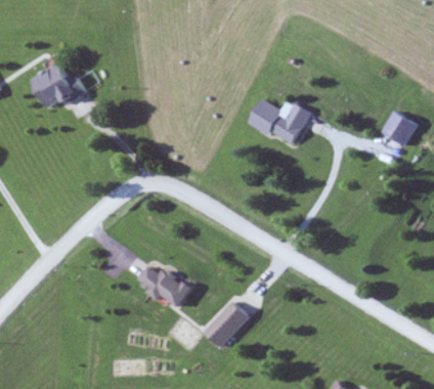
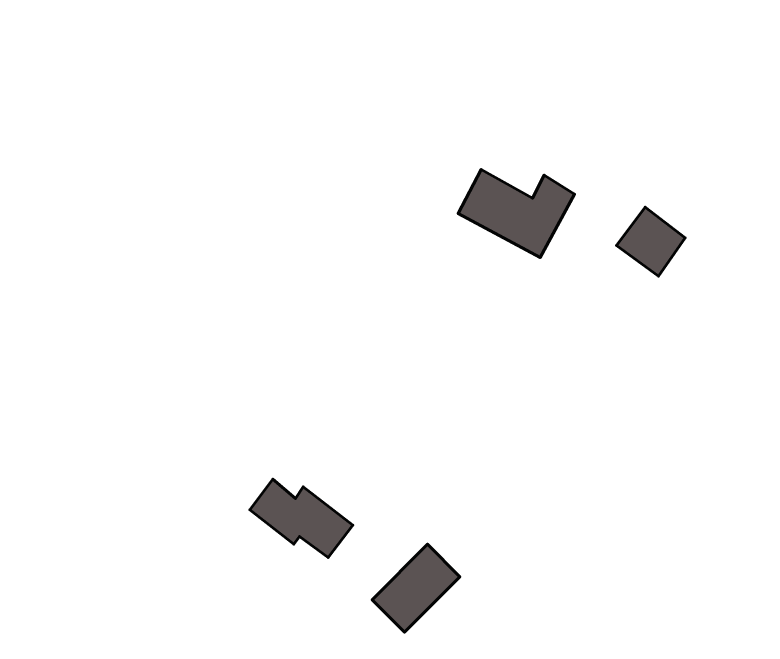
building: [31,60,82,109] -> none
building: [380,111,417,147] -> [616,207,685,276]

